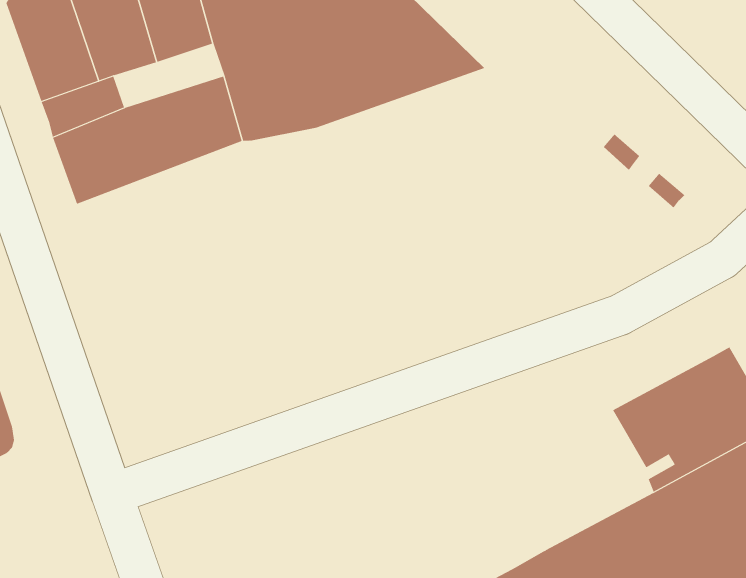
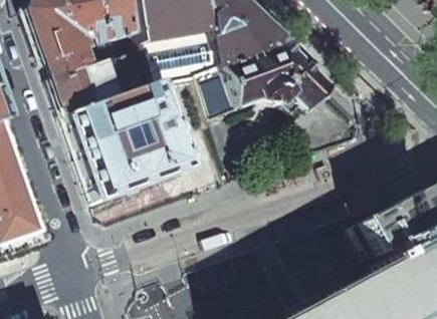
building: none -> [200,43,337,119]
building: none -> [70,82,195,204]

